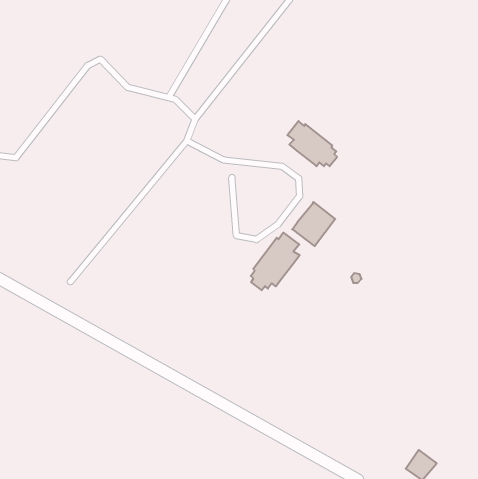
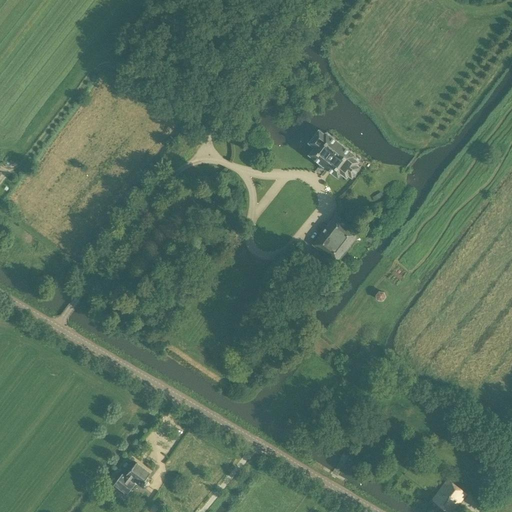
building: [251,233,300,290] -> none
building: none -> [111,462,149,496]

